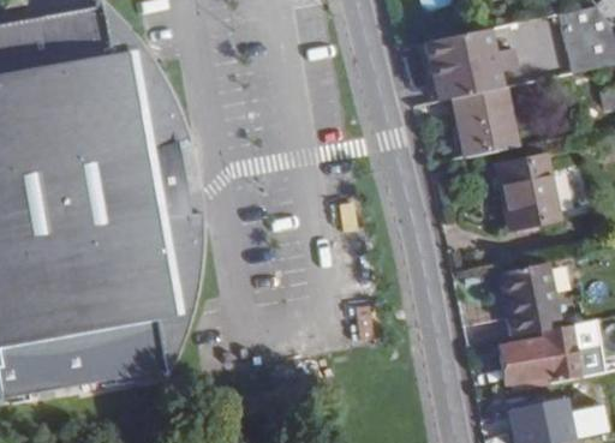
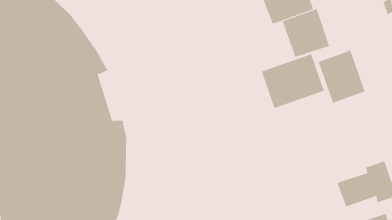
building: none -> [261,54,325,109]
building: [497,263,560,337] -> none

